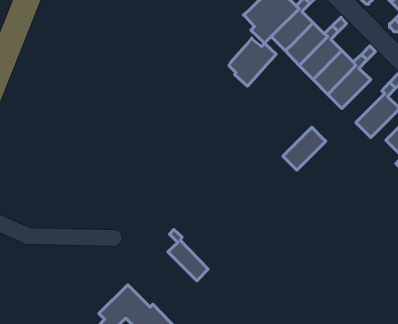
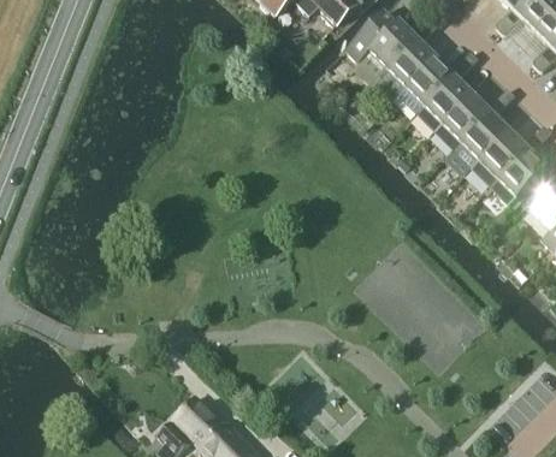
building: [229,38,276,86] -> none
building: [283,127,326,170] -> [472,130,527,185]
building: [168,230,208,281] -> none

